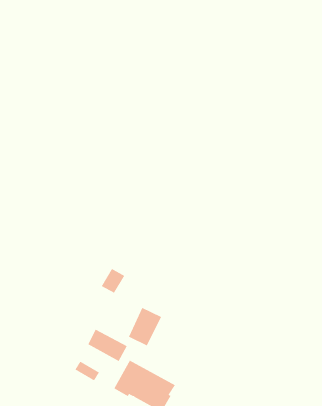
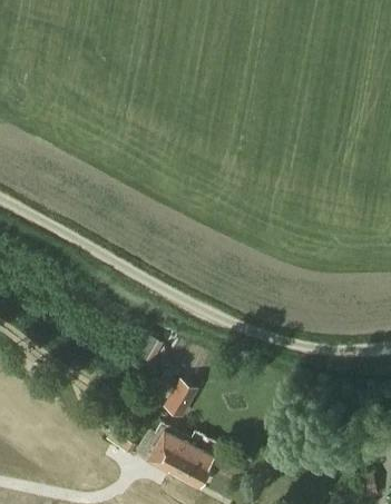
building: [88,329,127,362] -> none

